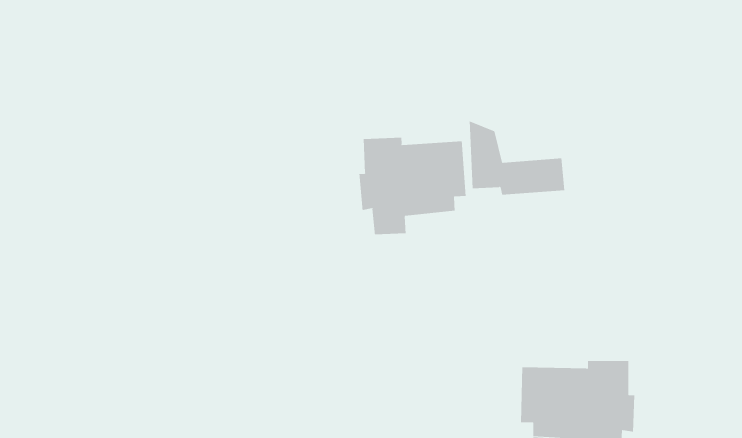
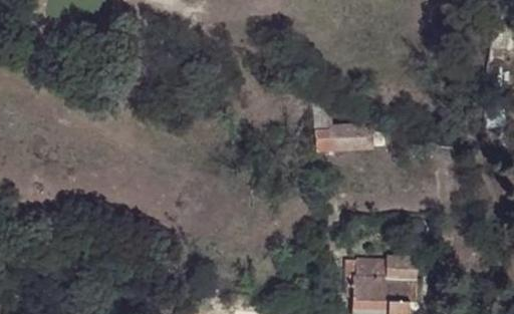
building: [359,137,466,235] -> none

